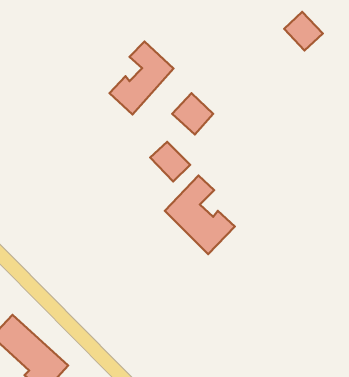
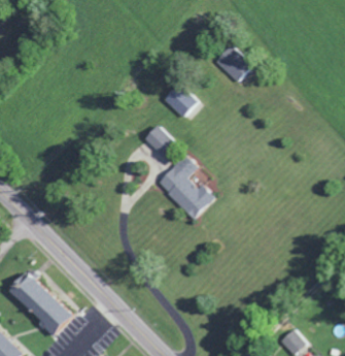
building: [284,12,323,51] -> [219,50,252,83]
building: [109,41,174,115] -> none

